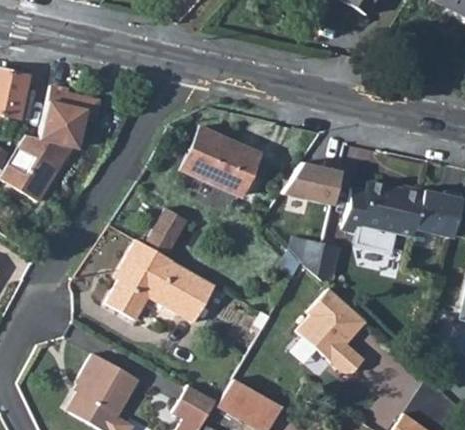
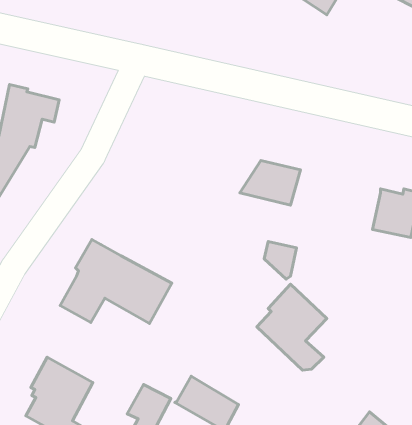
building: [182,127,260,195] -> none
building: [341,182,419,252] -> none
building: [143,210,182,256] -> none

